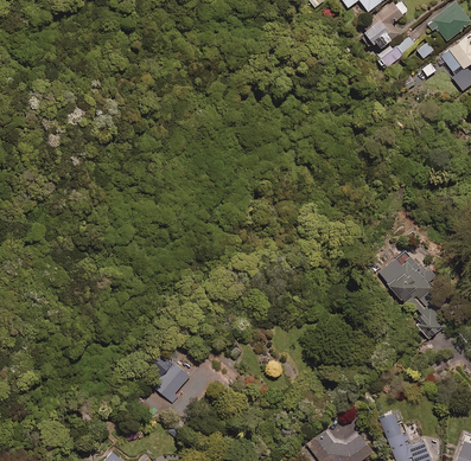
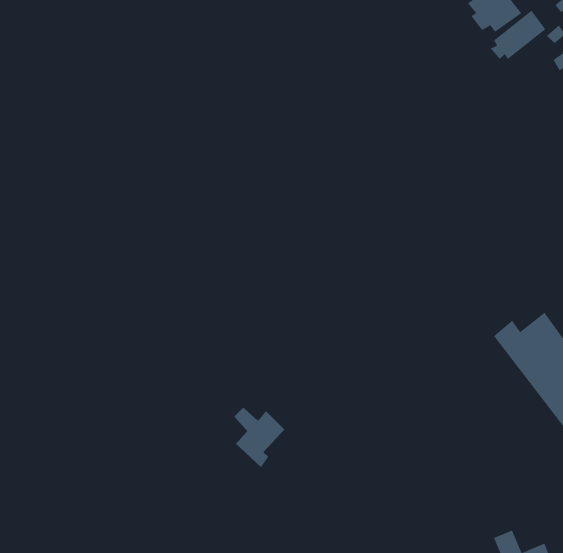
building: [154,358,192,403] -> [234,407,285,468]

